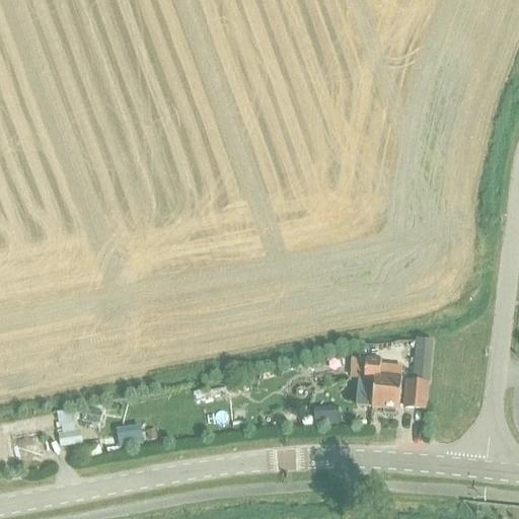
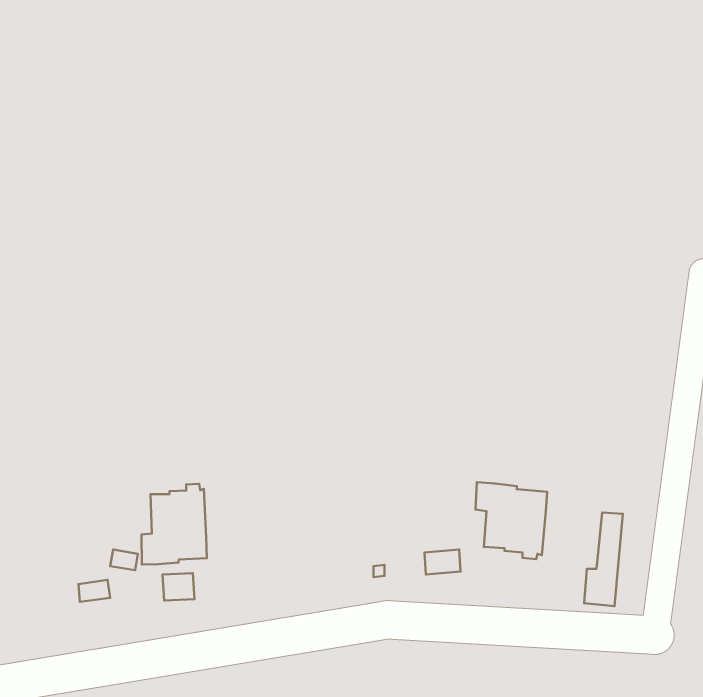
building: [403,338,432,406] -> [584,512,623,606]
building: none -> [141,484,207,565]

